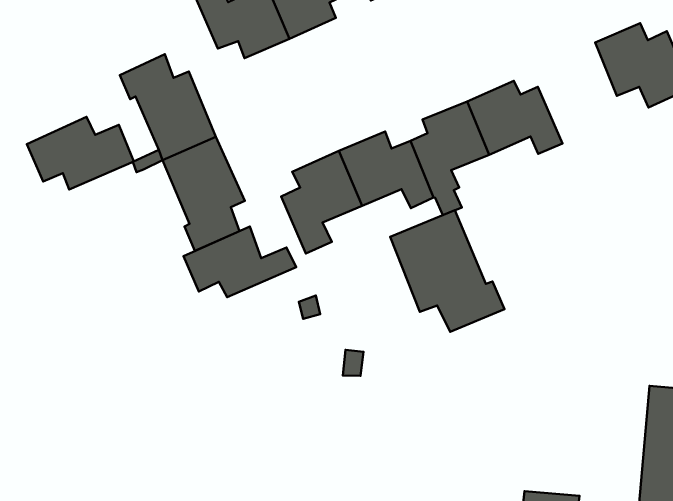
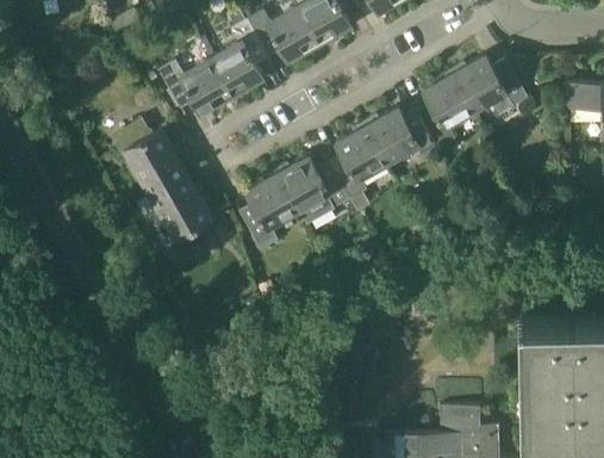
building: none -> [416,73,474,149]
building: [27,117,134,190] -> none
building: [390,210,504,332] -> none
building: [183,227,296,297] -> none

